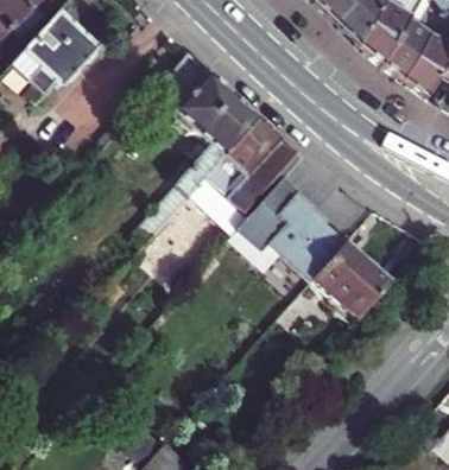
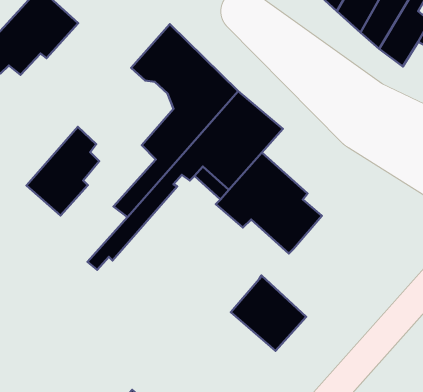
building: none -> [26,127,99,216]
building: [314,241,390,317] -> [231,276,306,351]

